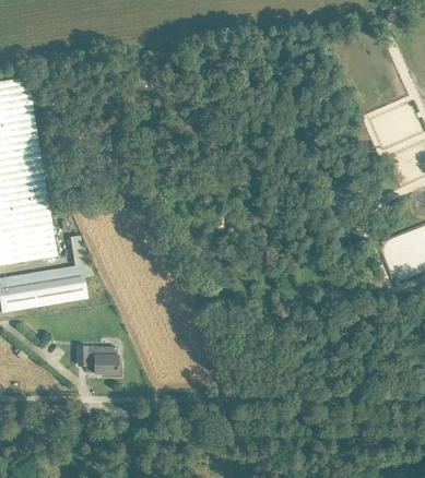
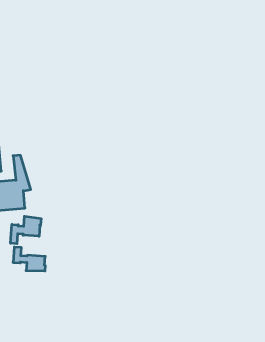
building: none -> [11,216,41,244]

